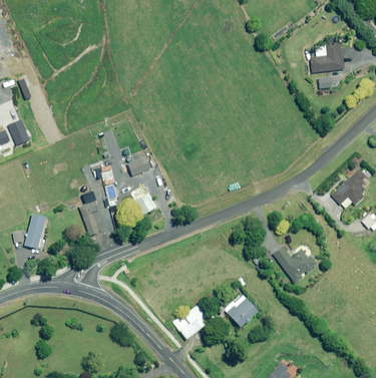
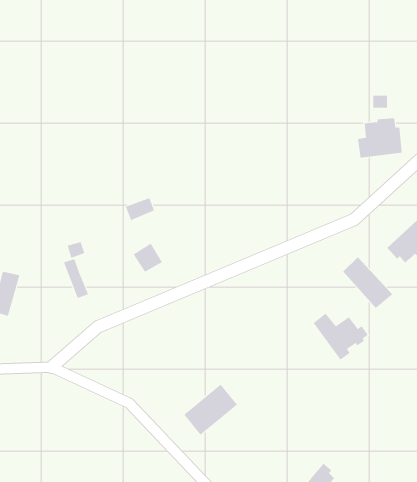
building: [310,41,345,72] -> [357,118,403,158]
building: none -> [343,256,393,309]
building: [224,294,258,327] -> none

